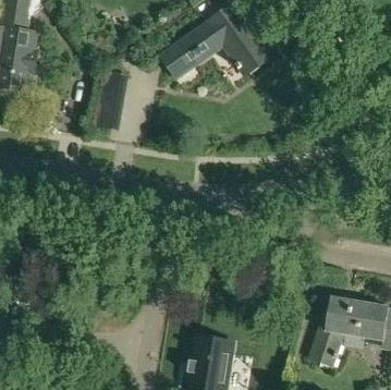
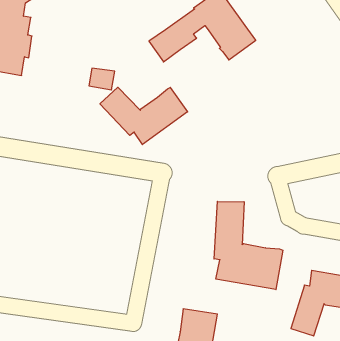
building: none -> [100,87,188,145]
building: none -> [214,201,283,290]

